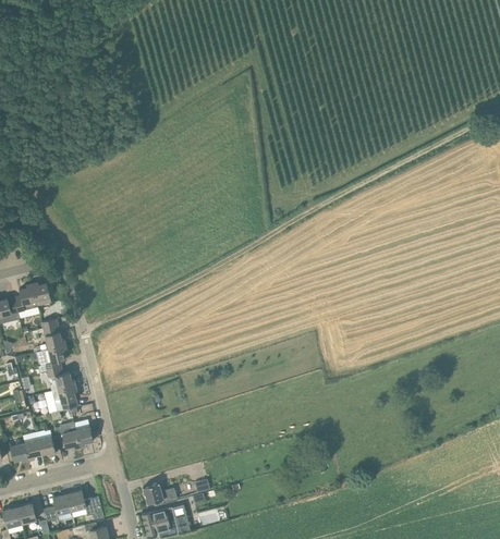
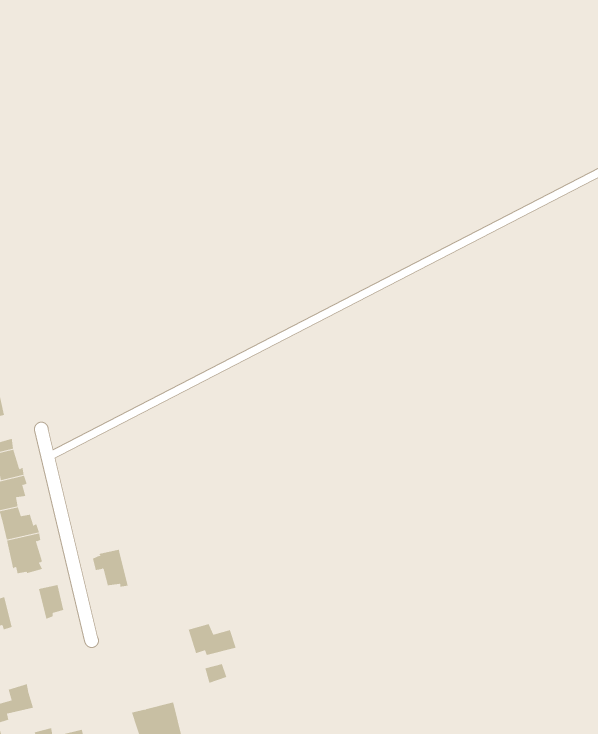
building: [54,421,81,449] -> [92,549,129,587]
building: [143,482,178,505] -> [188,623,237,655]
building: [68,490,103,519] -> none

